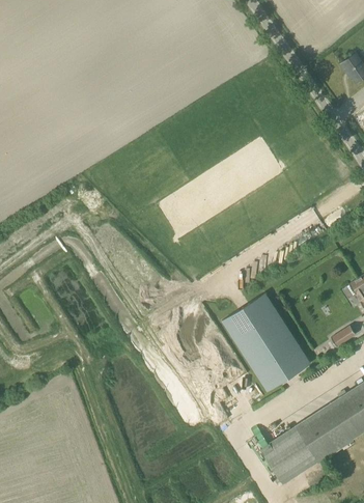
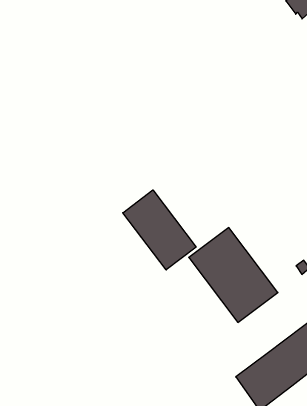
building: none -> [123,190,196,270]

